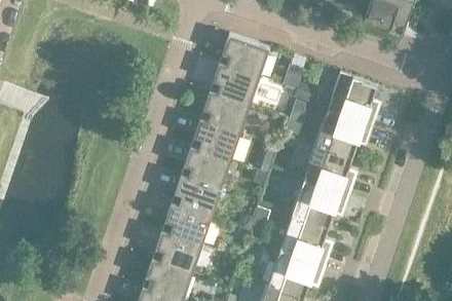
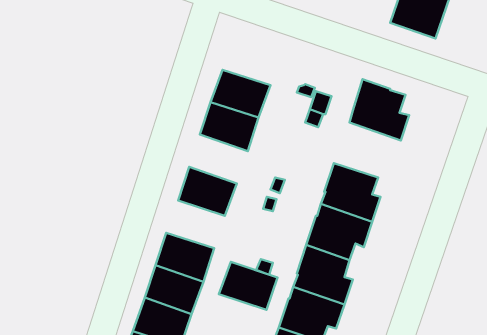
building: [218,36,268,78] -> none
building: [313,110,371,157] -> none
building: [189,120,239,162] -> none
building: [170,177,220,218] -> [219,262,277,310]

